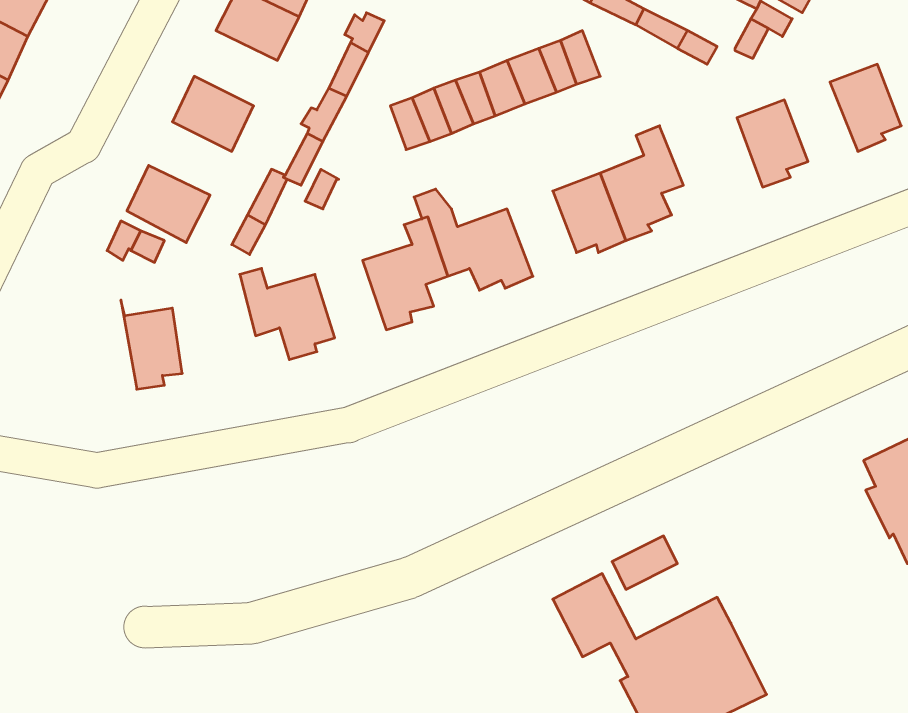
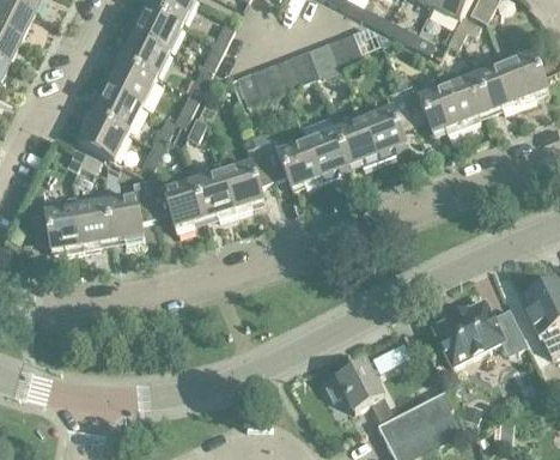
building: none -> [120,32,170,78]
building: none -> [476,63,521,111]
building: none -> [401,84,463,134]
building: none -> [92,87,142,132]
building: none -> [309,129,351,181]
building: none -> [193,171,236,218]
building: none -> [106,180,157,242]
building: none -> [30,195,85,252]
building: none -> [433,302,528,367]

